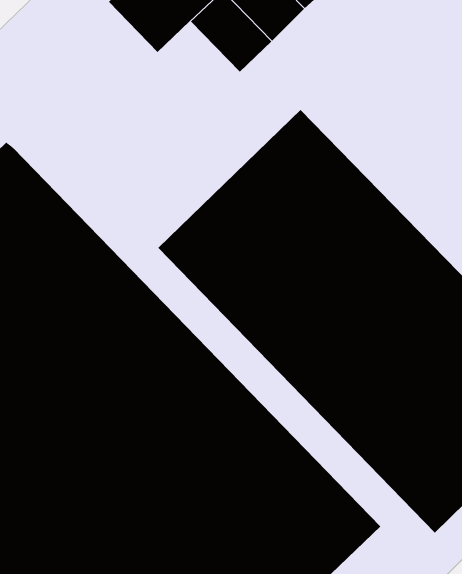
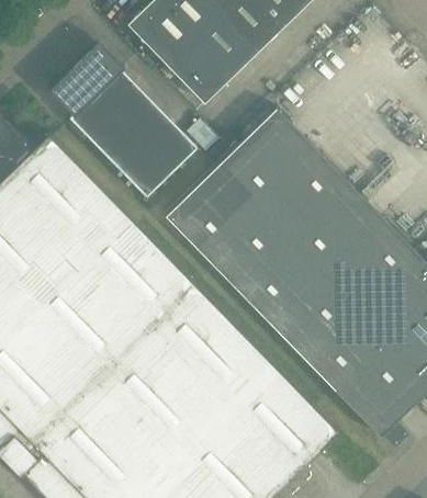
building: none -> [47,39,196,196]
building: none -> [165,39,228,103]

